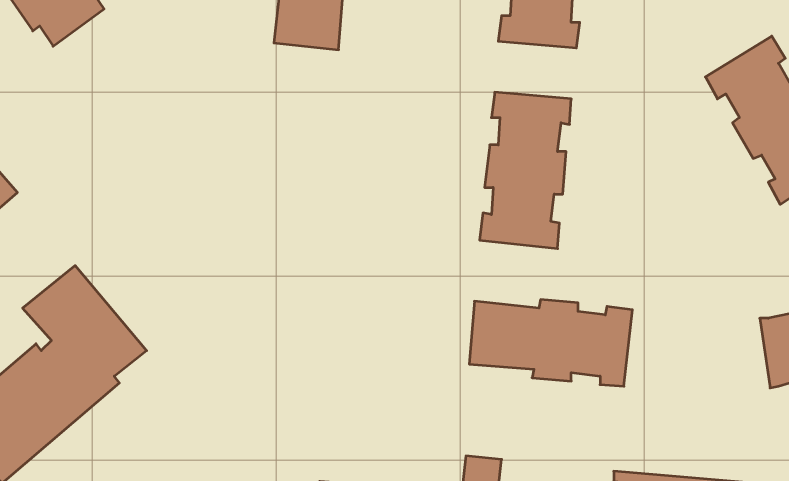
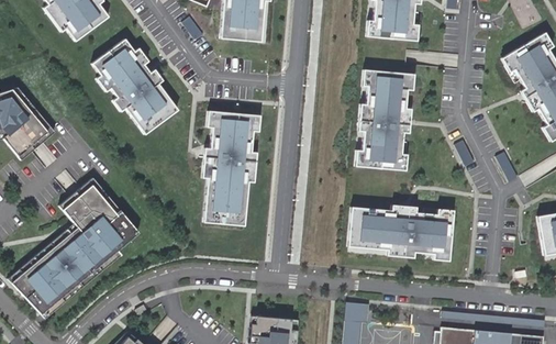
building: none -> [94,36,179,131]
building: none -> [203,108,260,222]

